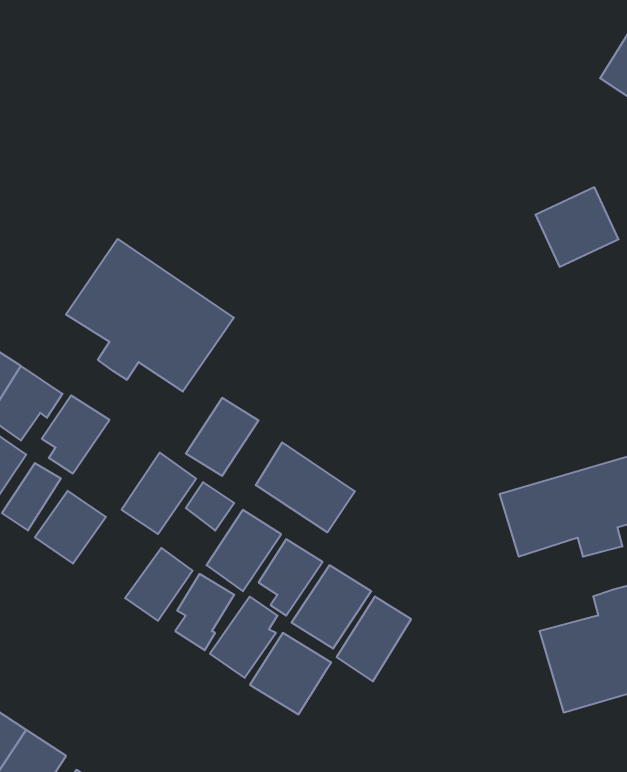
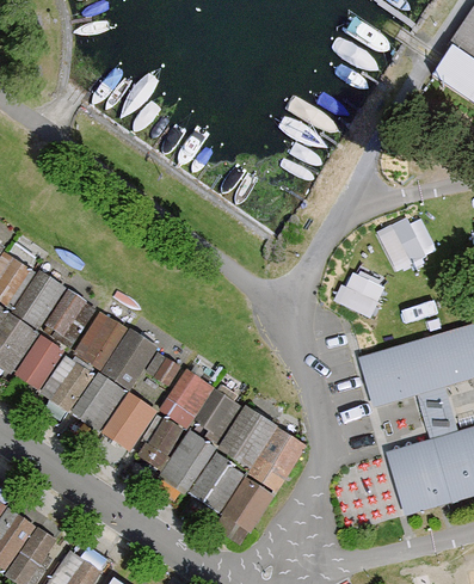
building: [535,187,619,267] -> [378,210,436,265]
building: [66,239,234,392] -> none
building: none -> [339,262,389,314]
building: [186,398,259,476] -> [74,315,124,369]
building: [256,442,355,532] -> none
building: none -> [73,377,123,430]
building: none -> [223,481,269,530]

